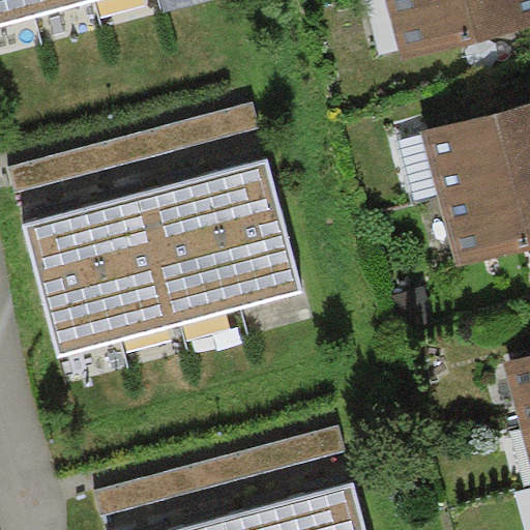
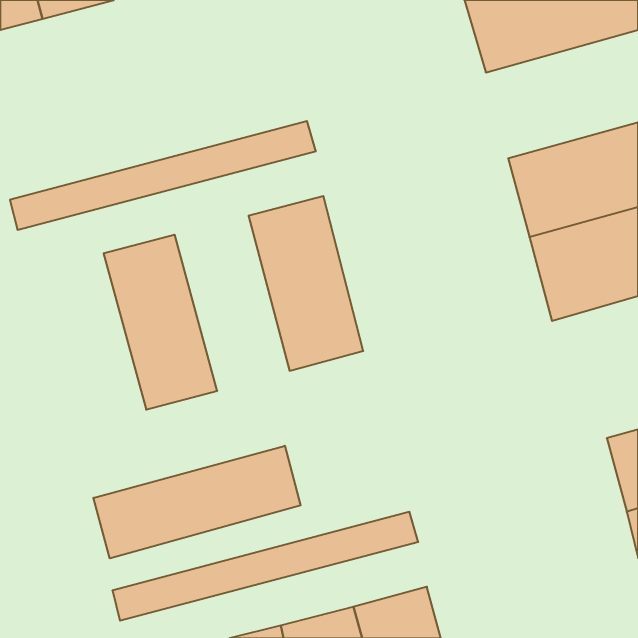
building: [145,179,240,324] -> none
building: [24,210,121,356] -> none
building: none -> [93,446,301,558]

